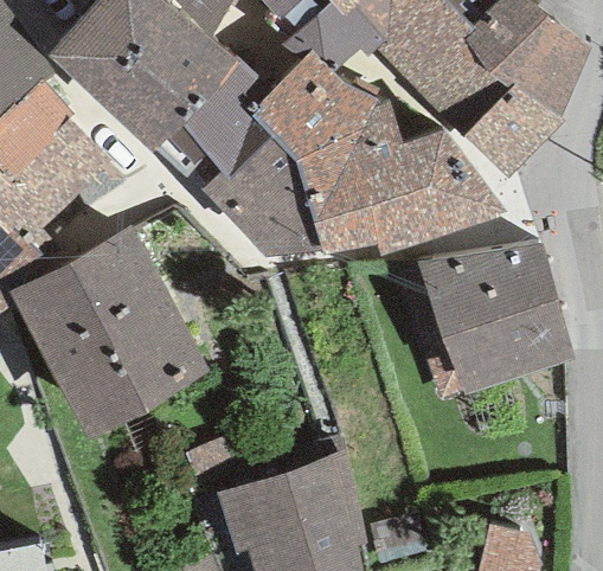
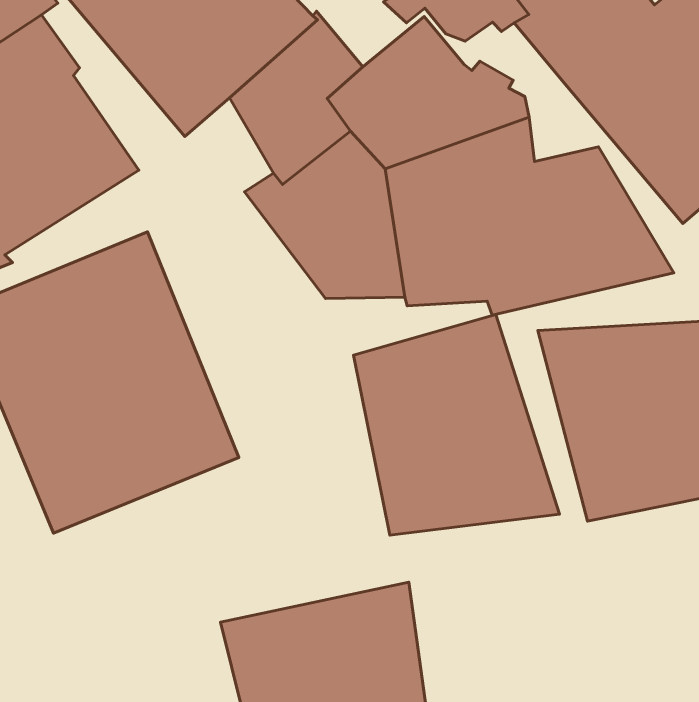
building: none -> [354,314,559,535]

